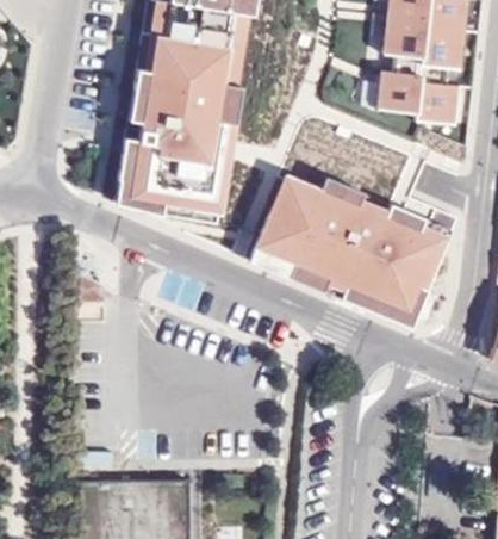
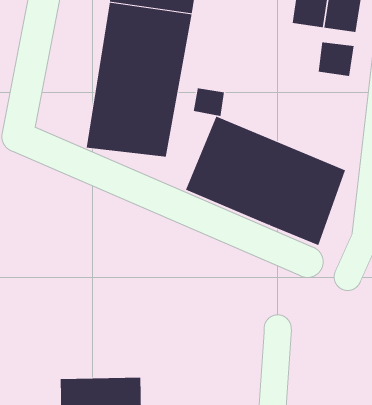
building: [371,61,417,105] -> none
building: none -> [193,87,225,117]

